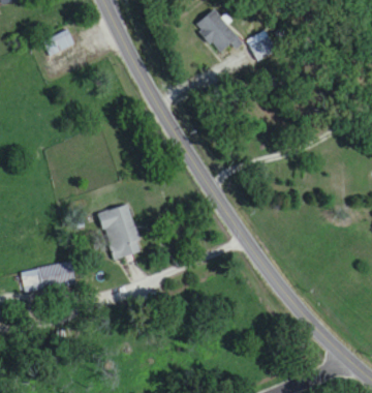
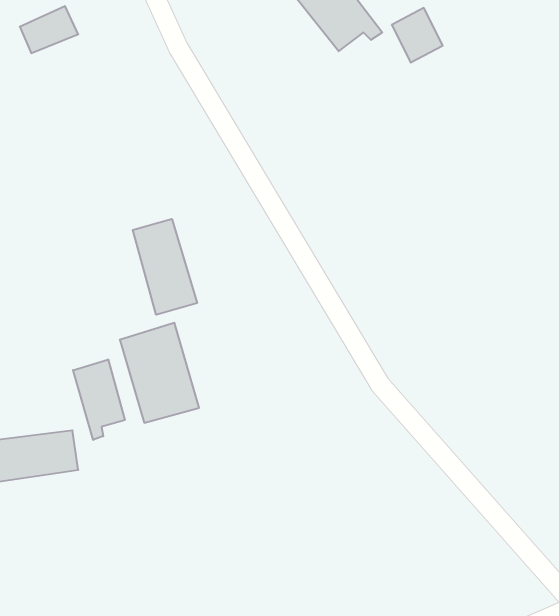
building: none -> [133,219,197,315]
building: none -> [73,359,125,440]

